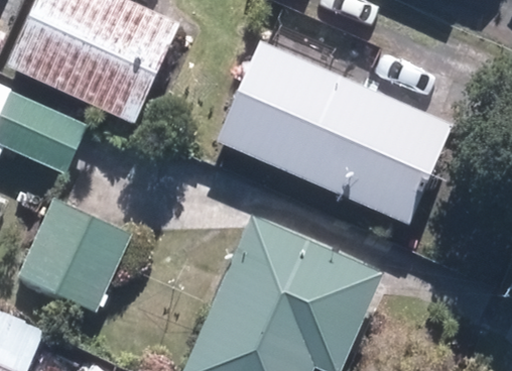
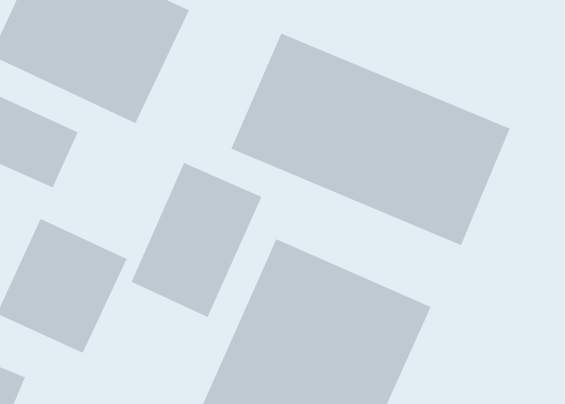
building: none -> [131,162,262,318]

